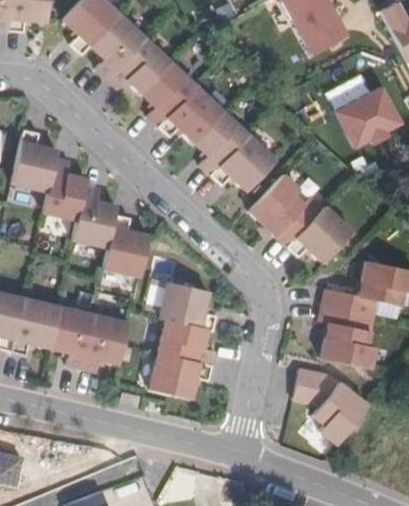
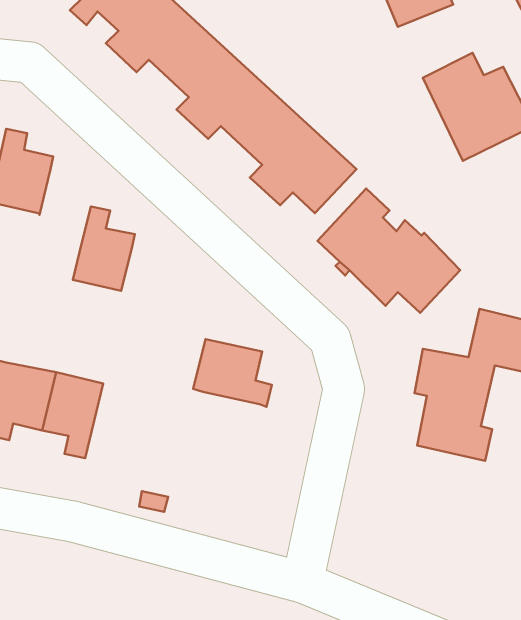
building: [44,159,88,219] -> none
building: [104,215,150,276] -> none
building: [82,314,129,371] -> none
building: [150,320,216,399] -> none
building: [294,369,369,445] -> none

